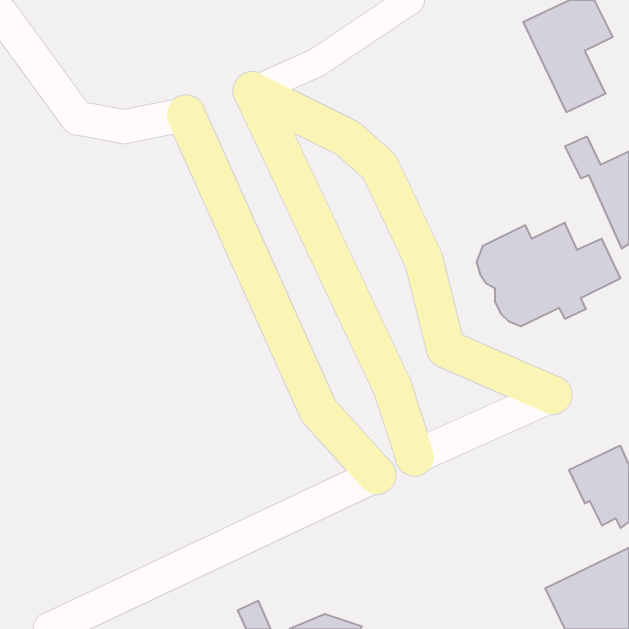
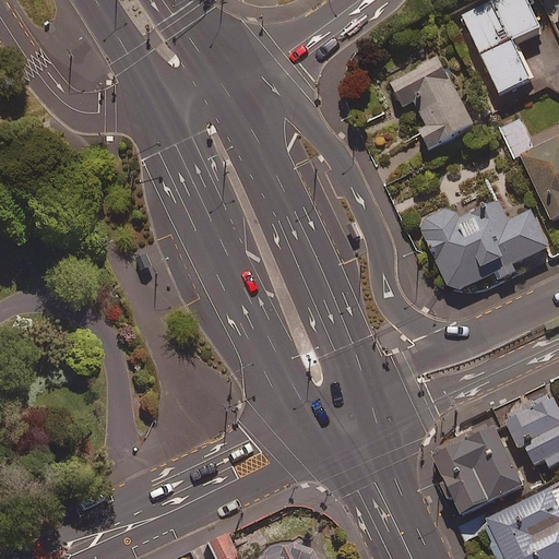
building: none -> [389,56,474,150]
building: none -> [432,427,522,516]

